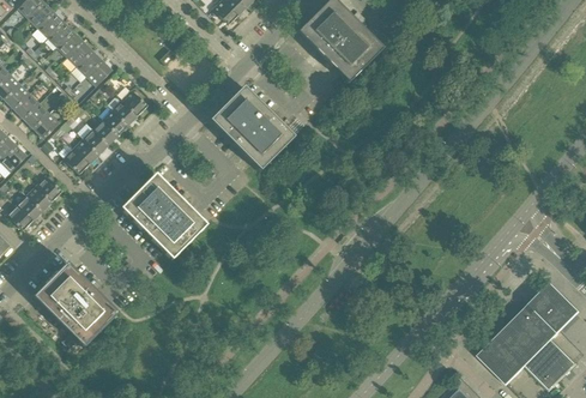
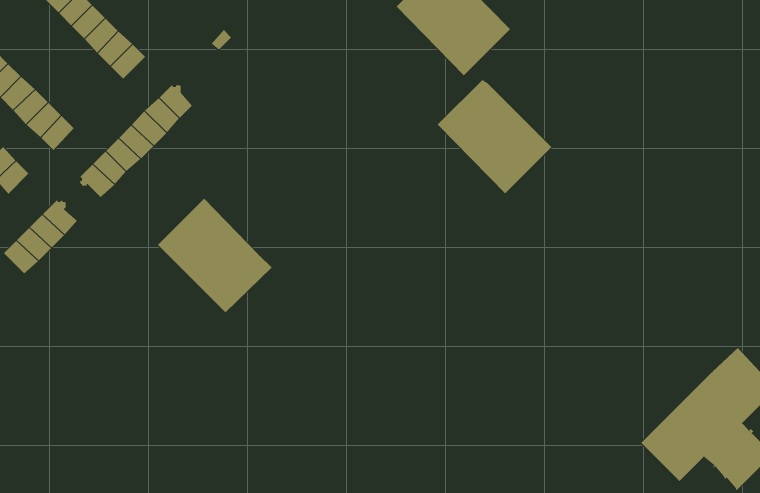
building: [209,85,294,170] -> [437,79,552,194]
building: [32,261,117,346] -> none

